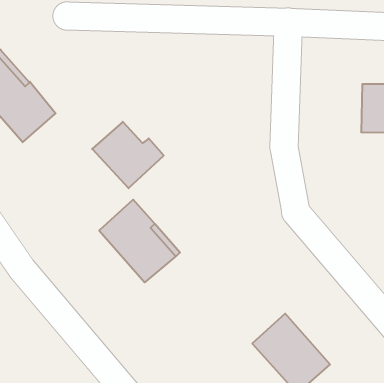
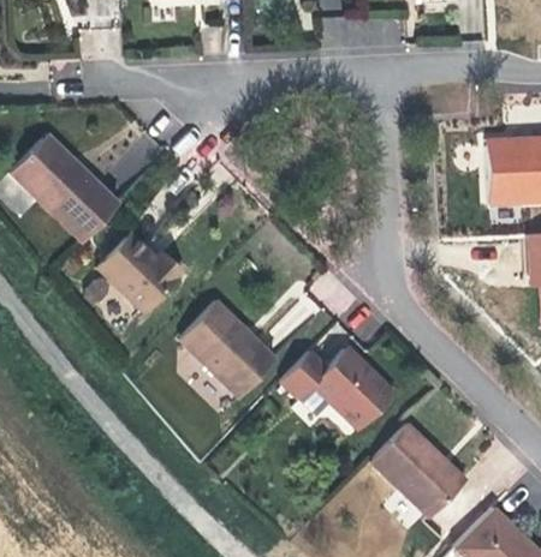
building: [92,122,164,188] -> [95,232,182,311]
building: none -> [284,351,398,441]

